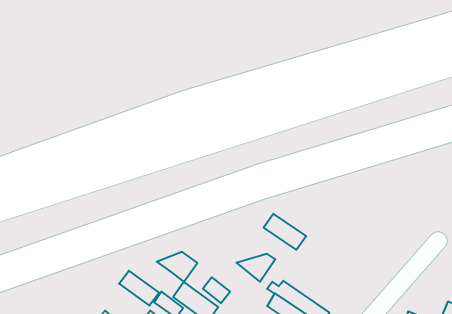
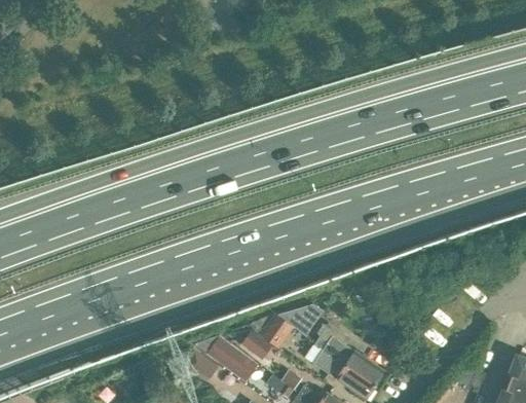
building: [264,214,306,250] -> none
building: [157,252,197,282] -> [246,315,292,349]
building: [119,271,159,306] -> none

